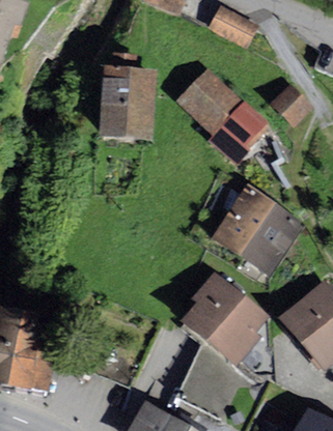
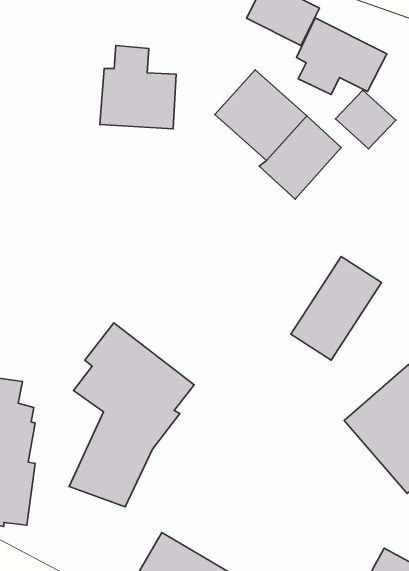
building: none -> [297,18,387,94]
building: [99,106,152,143] -> none
building: [209,182,274,257] -> none
building: [181,275,271,407] -> [69,323,194,507]

